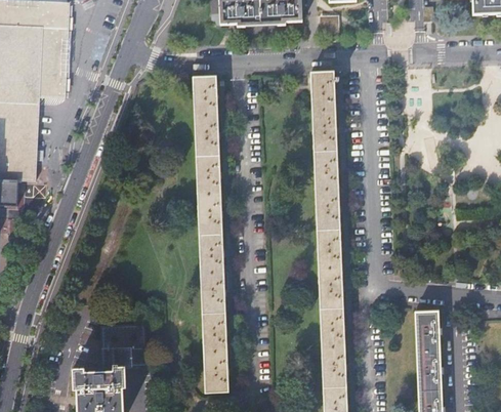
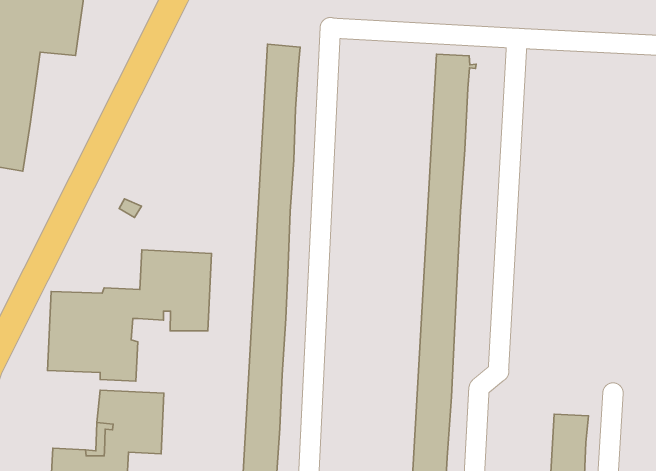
building: none -> [47,250,212,381]

